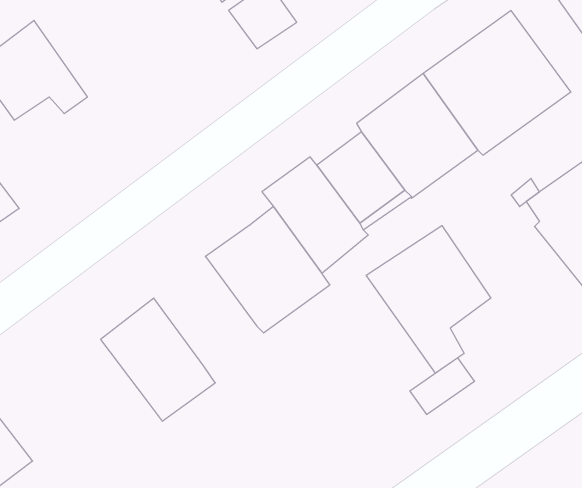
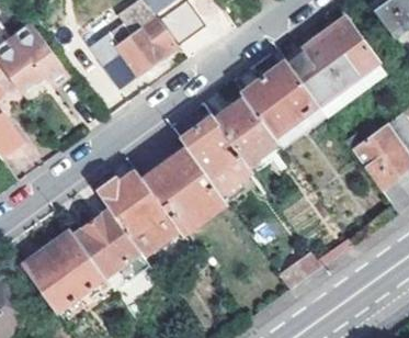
building: none -> [88,18,177,89]
building: [366,226,491,373] -> none
building: none -> [98,171,178,252]
building: none -> [23,230,105,312]

